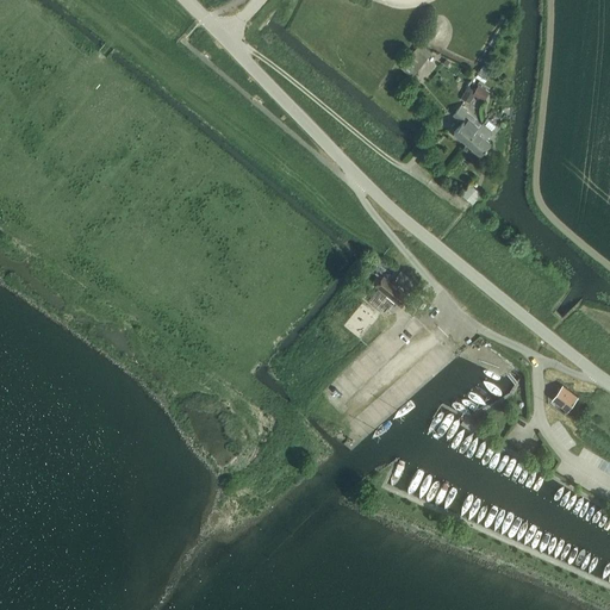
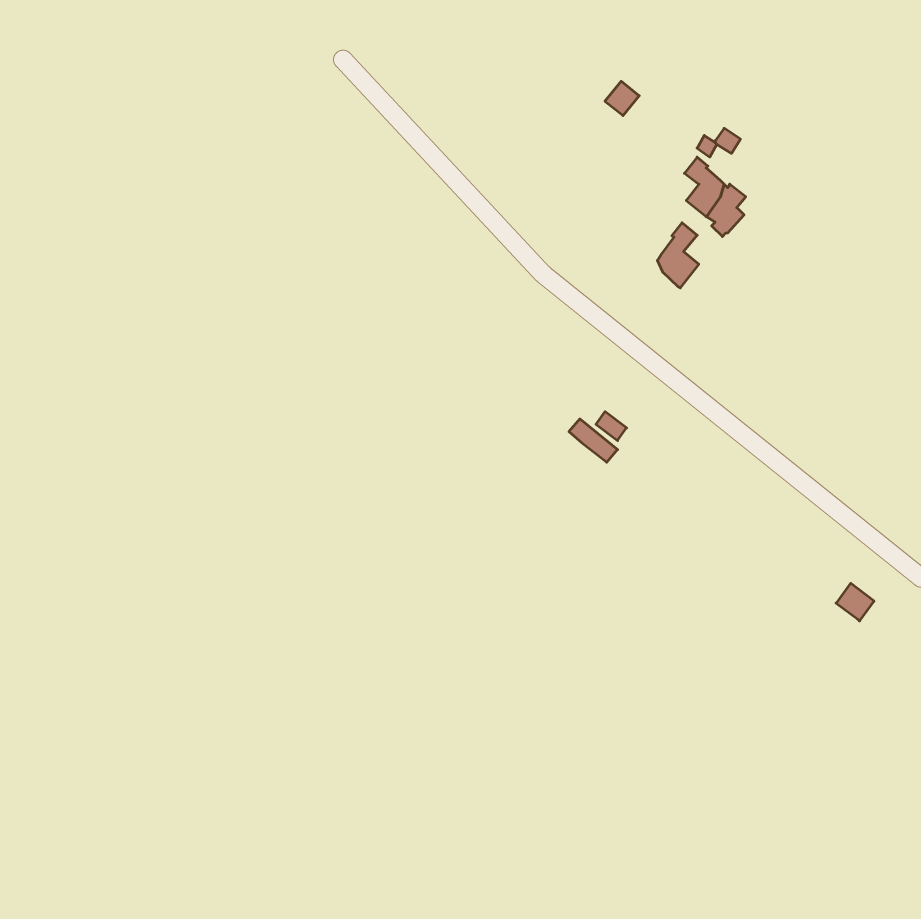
building: none -> [657,223,699,288]

